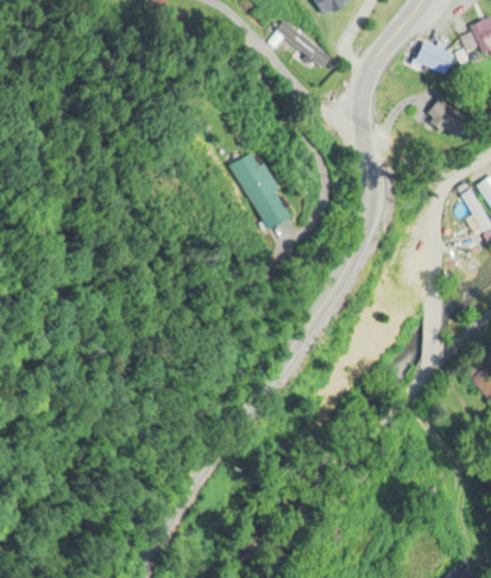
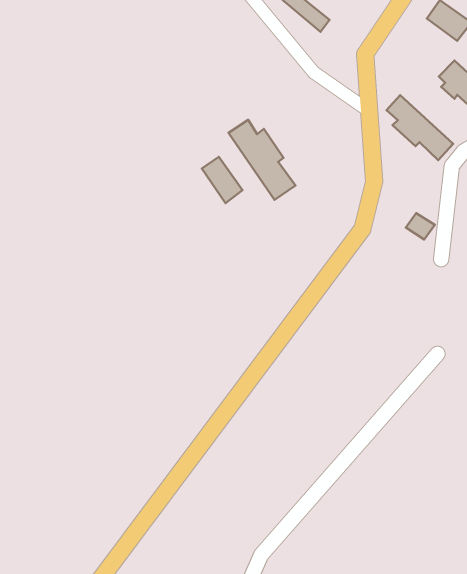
building: none -> [386,95,453,160]
building: none -> [202,157,242,203]

